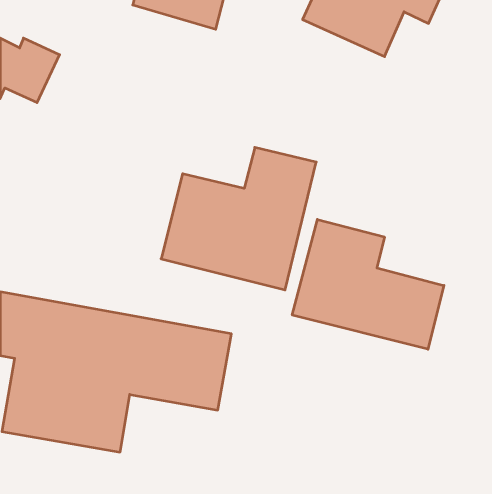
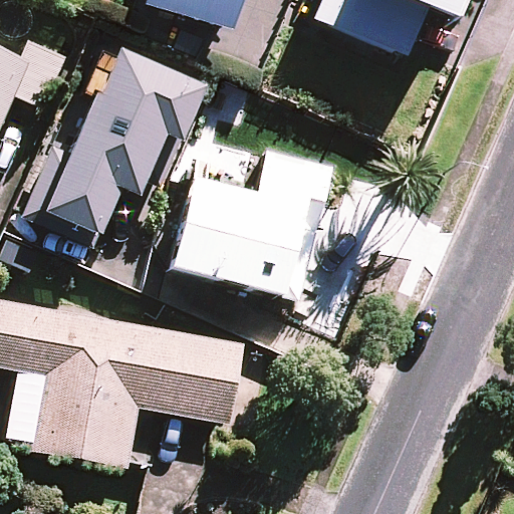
building: none -> [44,49,204,236]
building: [292,219,444,349] -> none

